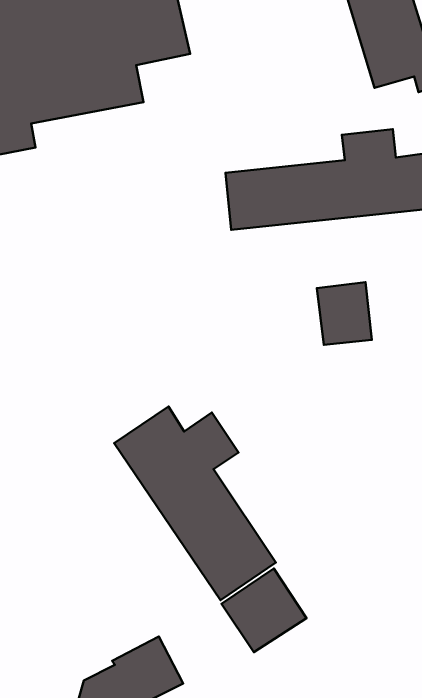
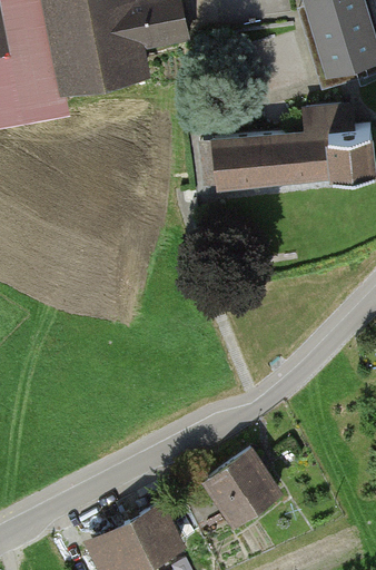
building: [317,282,372,345] -> none
building: [114,406,276,600] -> none

